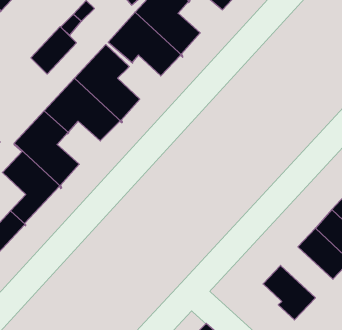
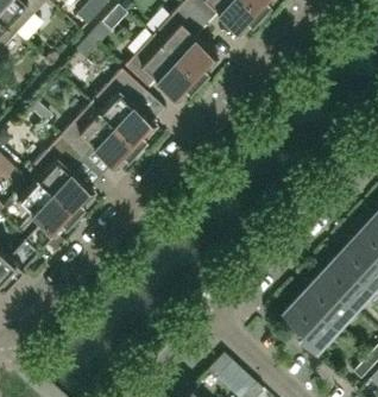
building: [31,27,76,74] -> none
building: none -> [300,277,353,329]

